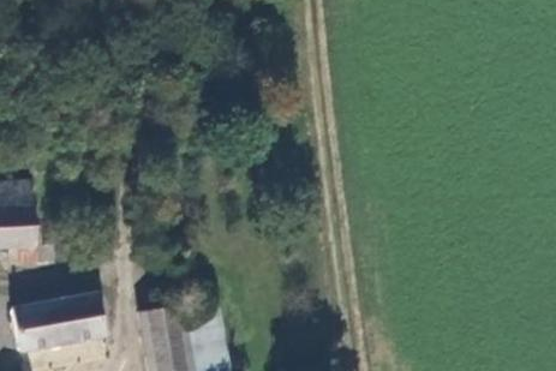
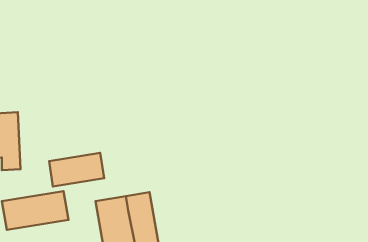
building: none -> [49,153,104,186]

